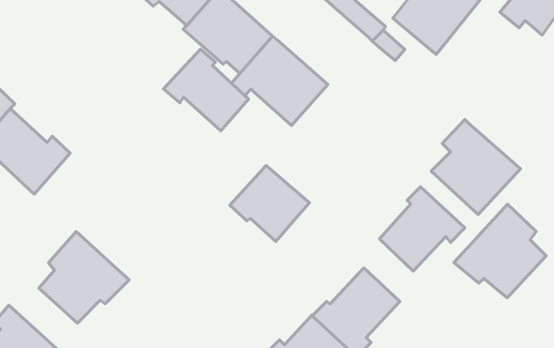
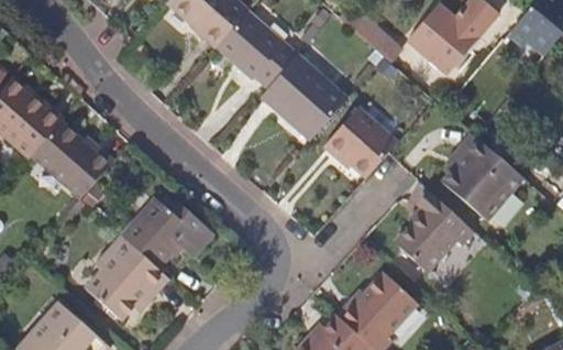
building: [164,49,248,131] -> none
building: [230,165,309,241] -> [325,110,398,179]
building: none -> [120,197,211,269]
building: [454,204,546,298] -> none

